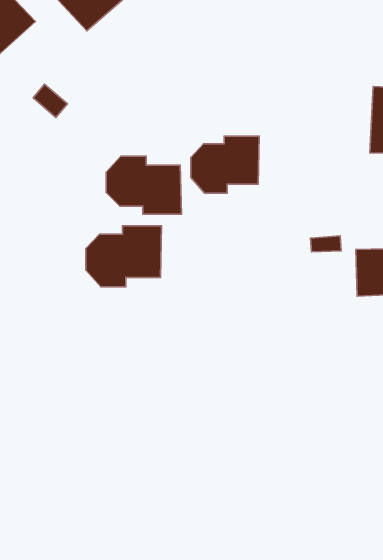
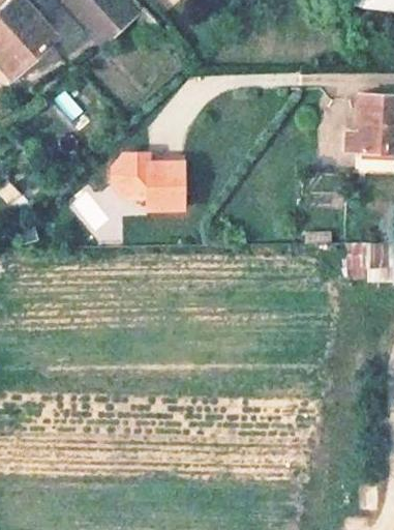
building: [191,136,259,193] -> none
building: [86,226,161,287] -> none

